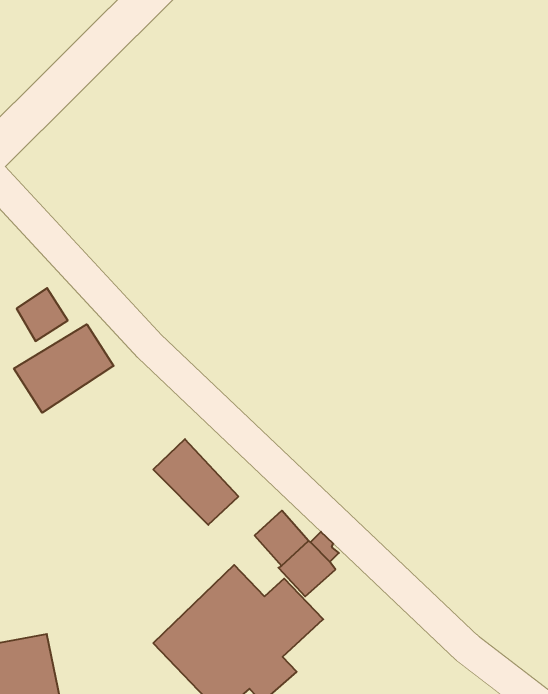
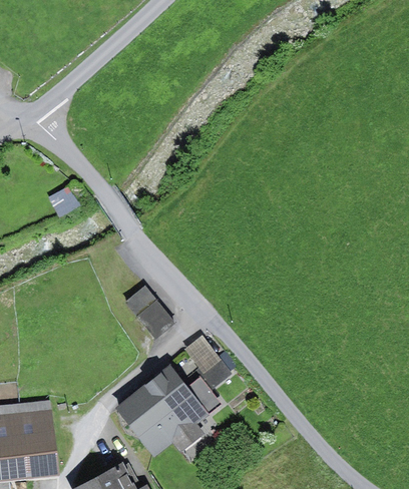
building: [14,324,114,413] -> none

